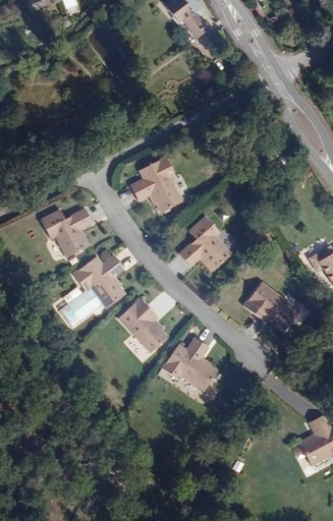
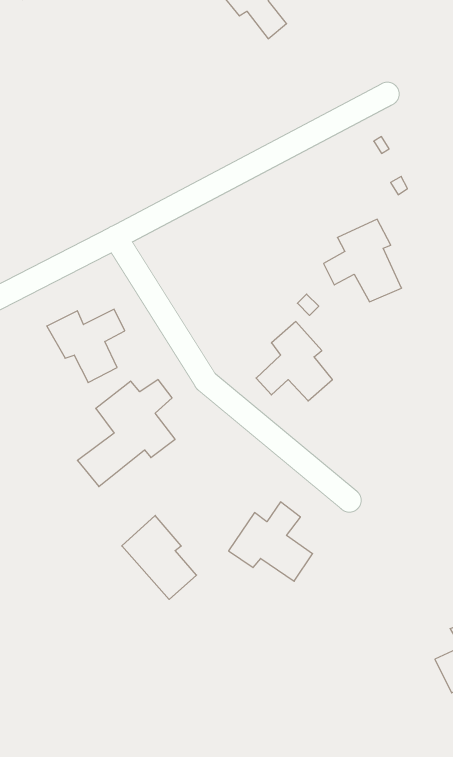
building: [130,157,182,212] -> [324,219,402,302]
building: [243,282,299,329] -> none
building: [118,297,168,353] -> [122,515,197,599]

